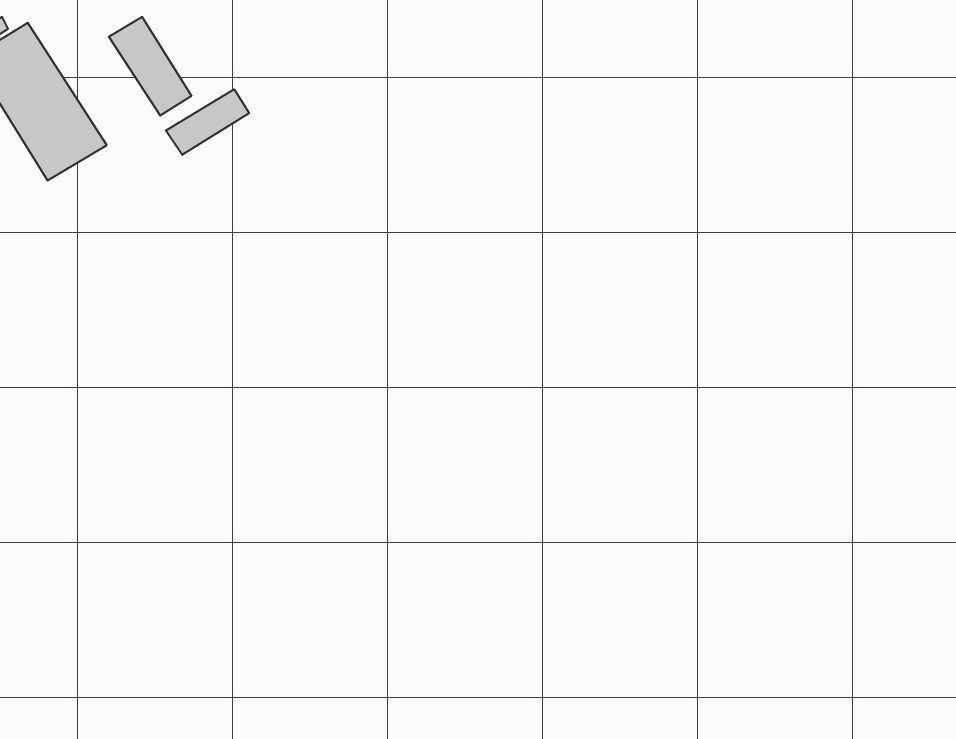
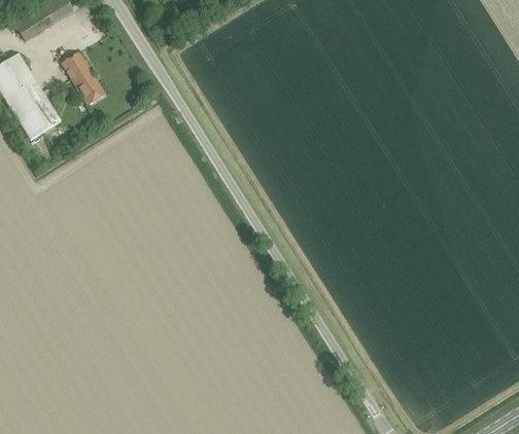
building: [166,89,249,155] -> none

